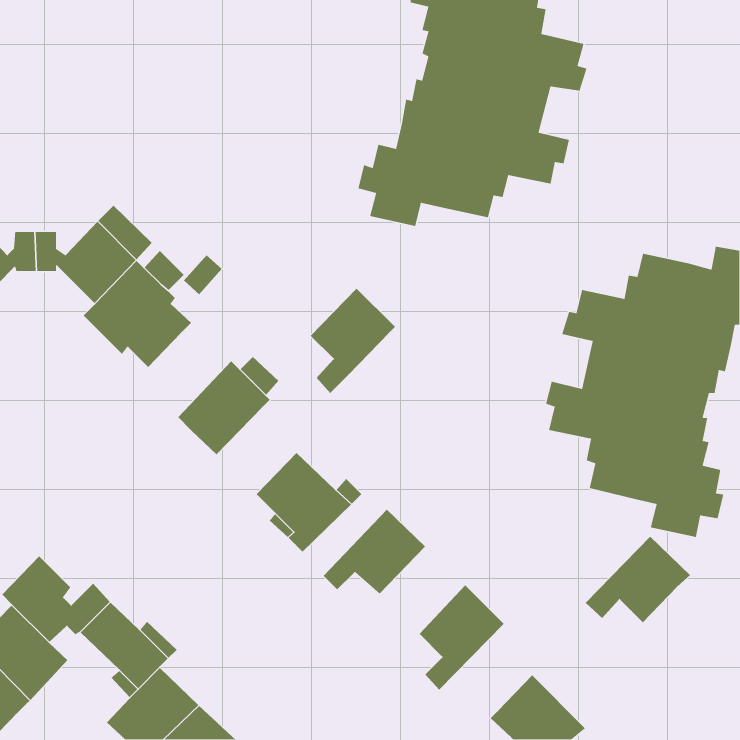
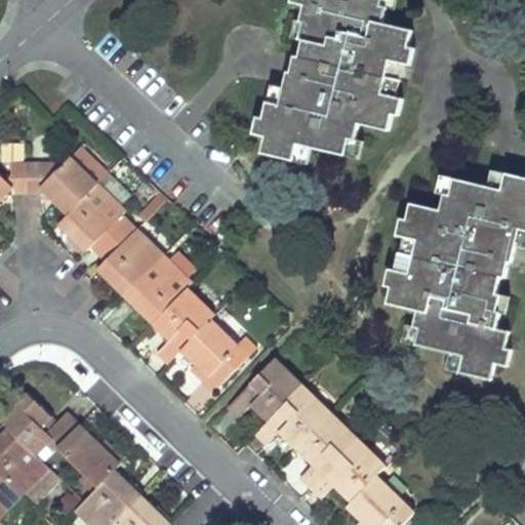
building: [310,288,396,394] -> [153,287,213,362]
building: none -> [96,228,163,294]
building: [585,536,691,623] -> [310,440,385,501]
building: none -> [255,386,328,447]

